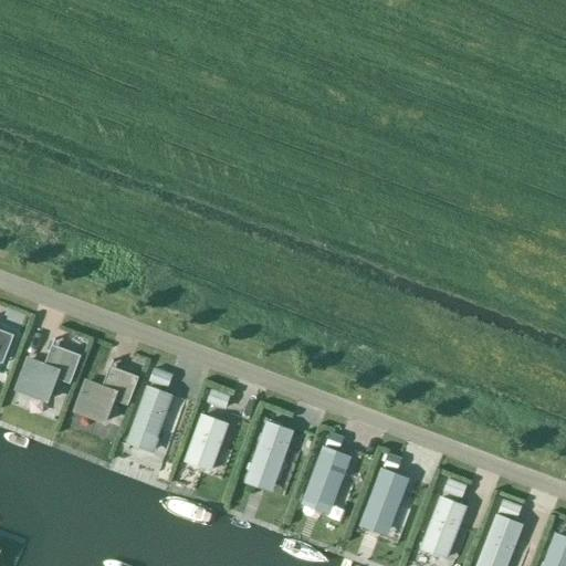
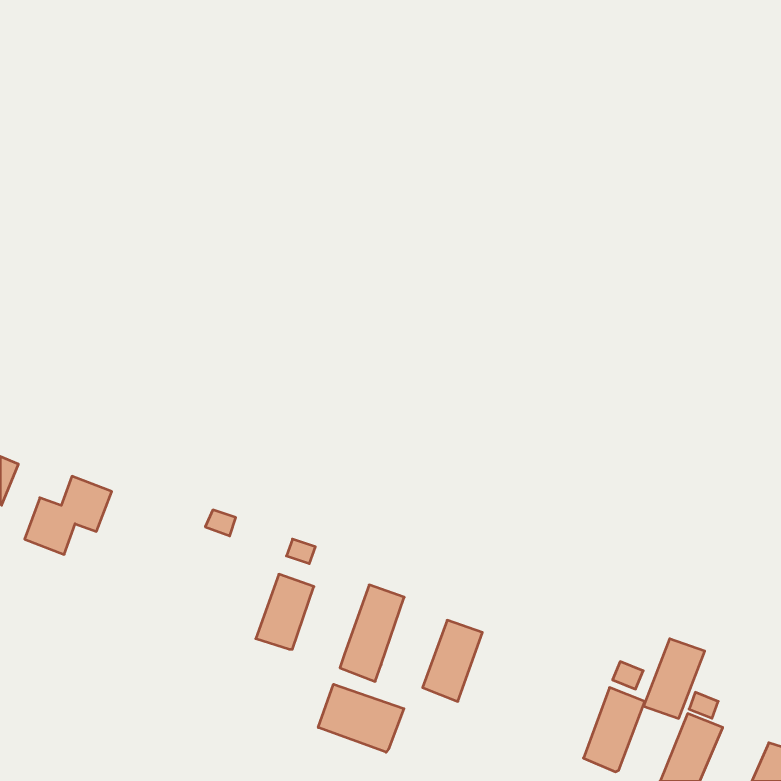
building: [76,366,139,421] -> none
building: [128,386,172,449] -> none
building: [364,470,408,527] -> [643,639,705,718]
building: none -> [318,684,404,752]

